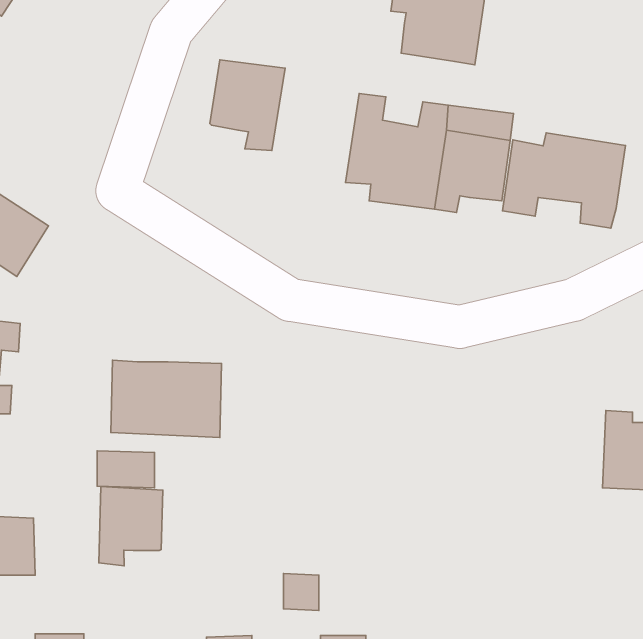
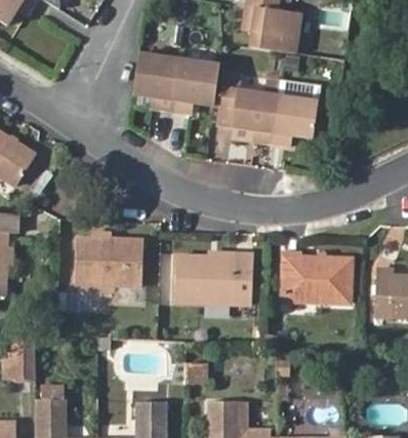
building: none -> [175,56,225,109]
building: [503,133,626,228] -> none
building: none -> [175,252,253,301]
building: none -> [282,254,351,300]
building: [99,486,163,566] -> none

